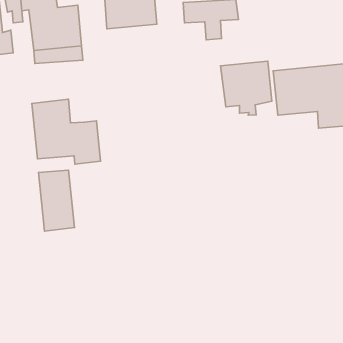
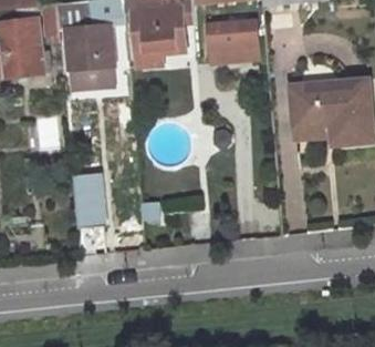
building: [221,61,272,115] -> none
building: [32,99,100,164] -> none

